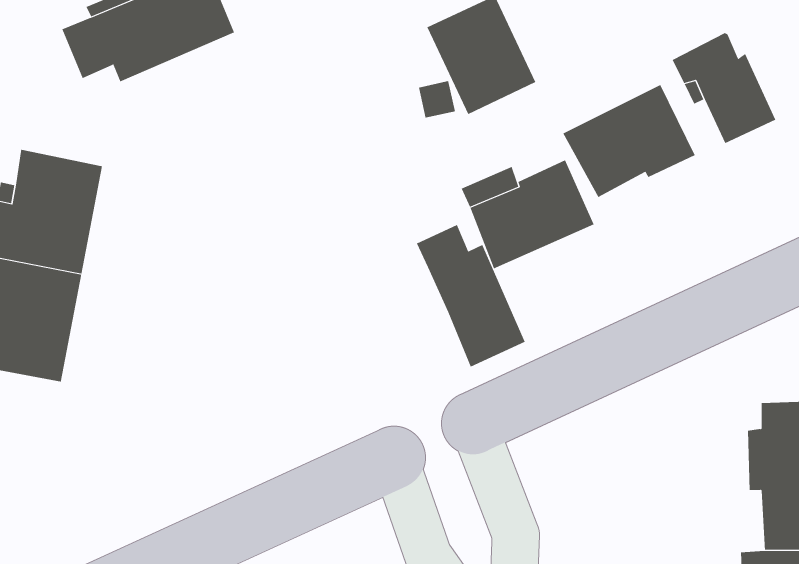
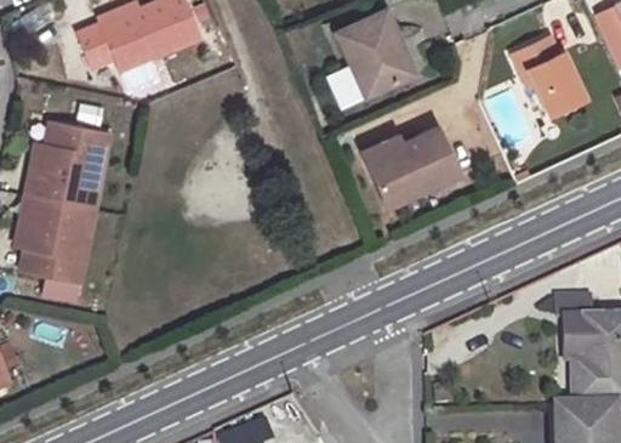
building: [563,84,696,198] -> none
building: [416,224,526,368] -> none

